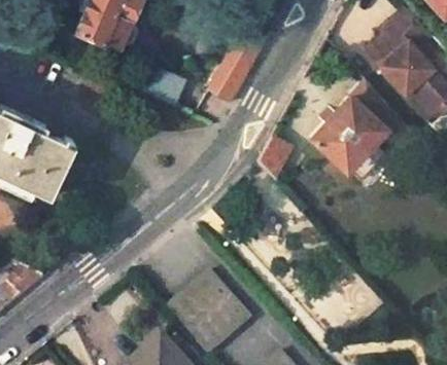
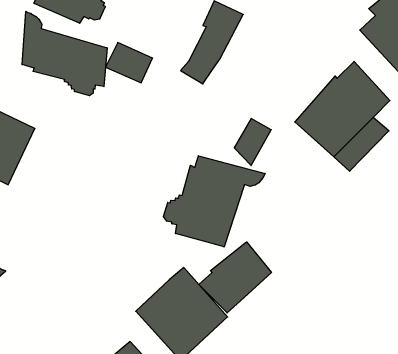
building: none -> [22,11,107,96]
building: none -> [163,156,265,247]
building: none -> [199,242,271,313]

